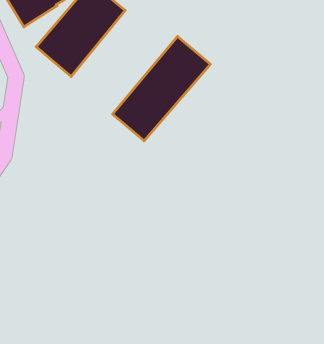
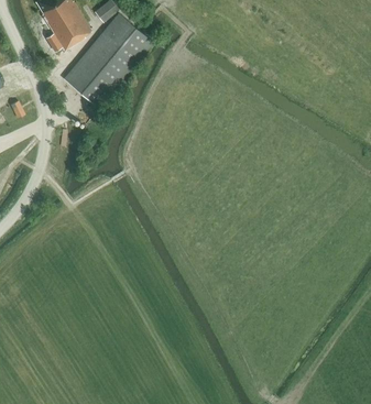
building: [113,36,210,141] -> none

